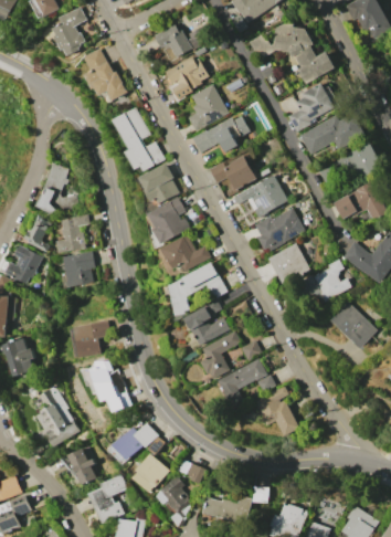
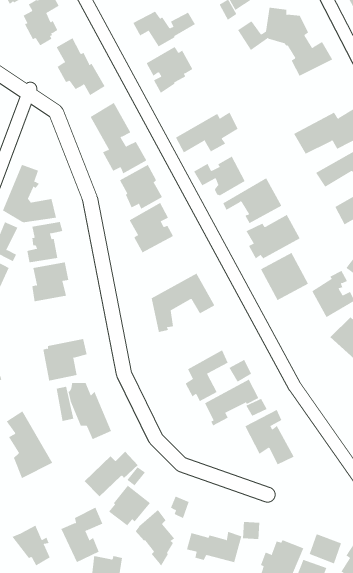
building: [287,83,334,131] -> none
building: [187,84,228,130] -> none
building: [162,234,211,271] -> none
building: [184,299,229,345] -> none
building: [60,448,95,485] -> [12,525,51,566]

